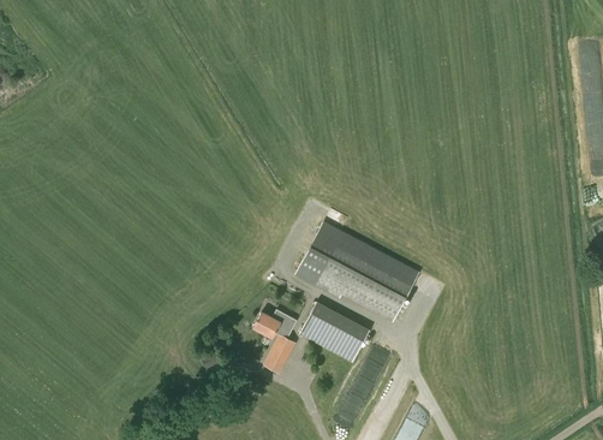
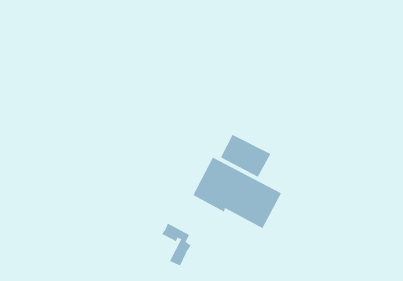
building: [298,301,369,361] -> [220,134,271,177]

